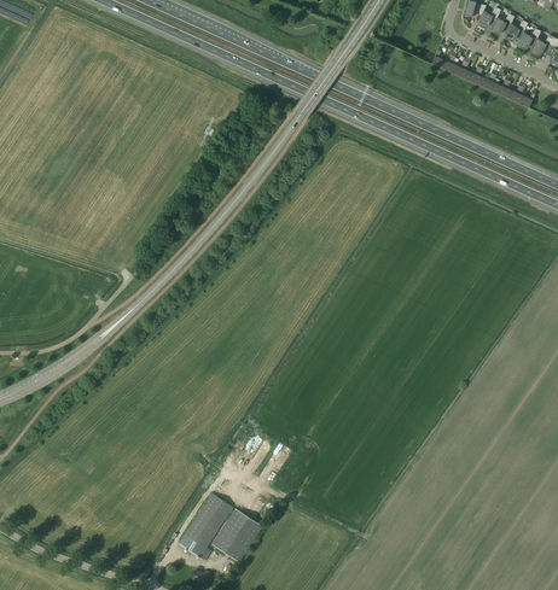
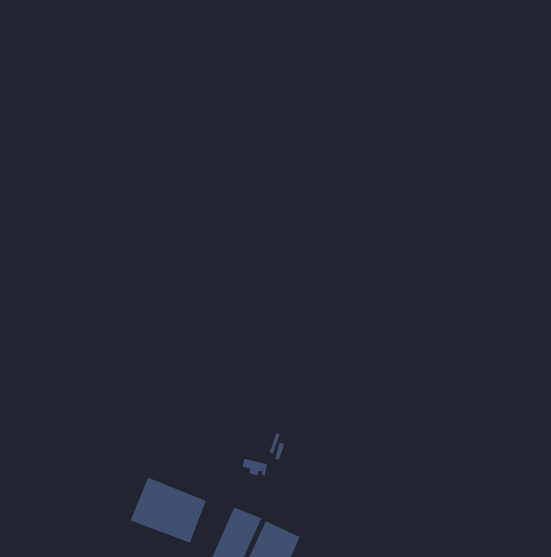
building: none -> [130,477,207,544]

